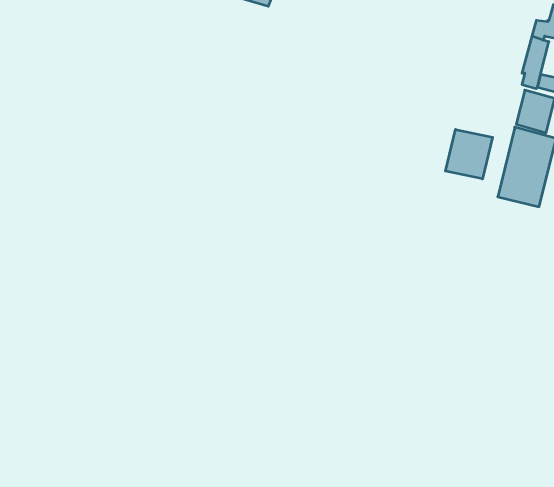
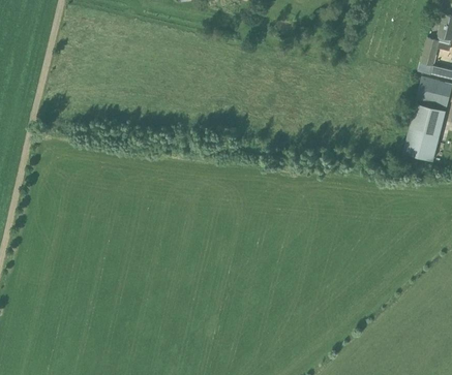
building: [445,129,493,179] -> none

